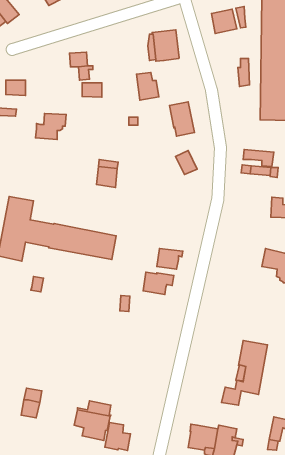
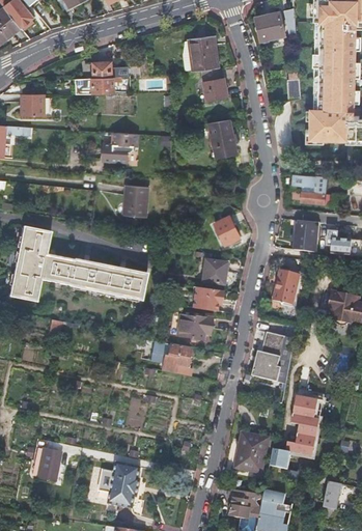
building: none -> [74,78,104,93]
building: [136,72,159,100] -> [201,68,227,101]
building: [36,114,66,140] -> [103,132,138,162]
building: [176,150,197,175] -> [215,217,240,245]
building: none -> [295,220,319,252]
building: none -> [201,259,227,284]
building: none -> [273,270,300,307]
building: none -> [256,332,294,384]
building: none -> [162,343,190,373]
building: none -> [235,431,269,473]
building: [105,423,130,450] -> none

